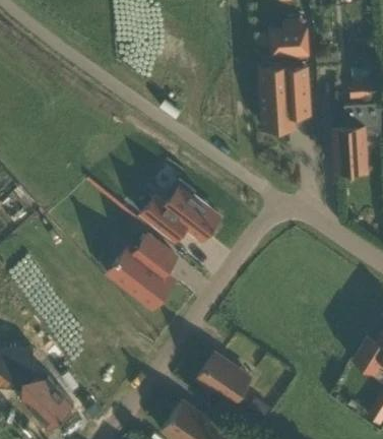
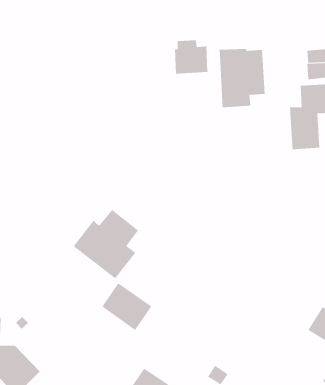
building: [273,24,309,60] -> [174,40,208,74]
building: [143,179,222,244] -> none
building: [199,356,252,406] -> [101,282,152,331]

